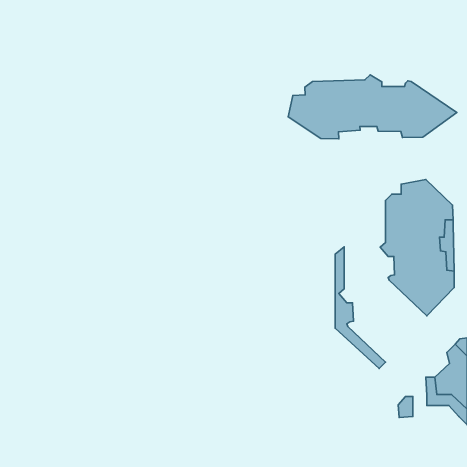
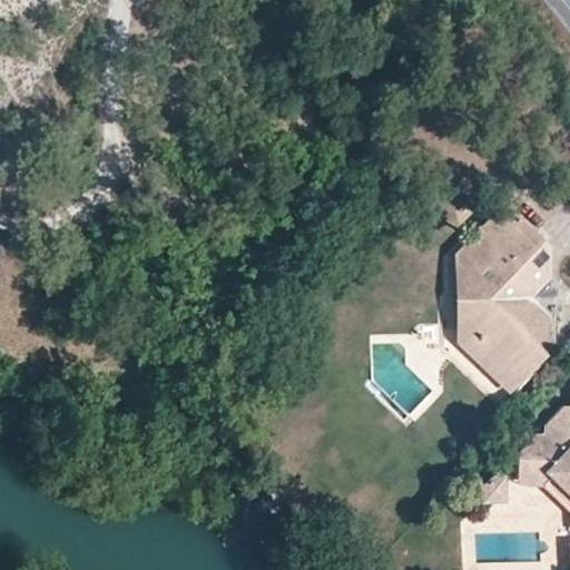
building: [288,75,457,139] -> none
building: [335,247,385,369] -> [458,244,519,392]

